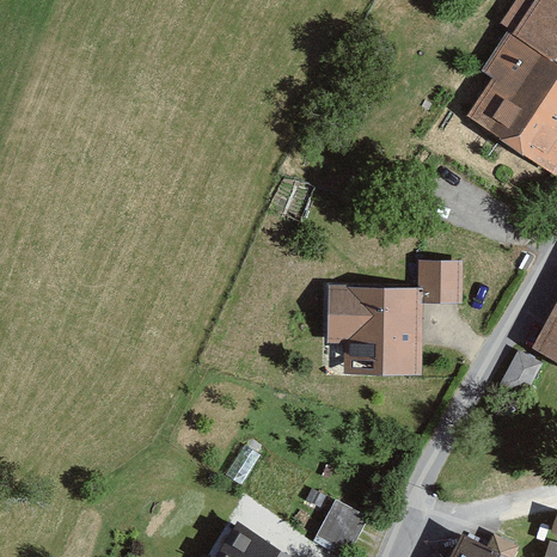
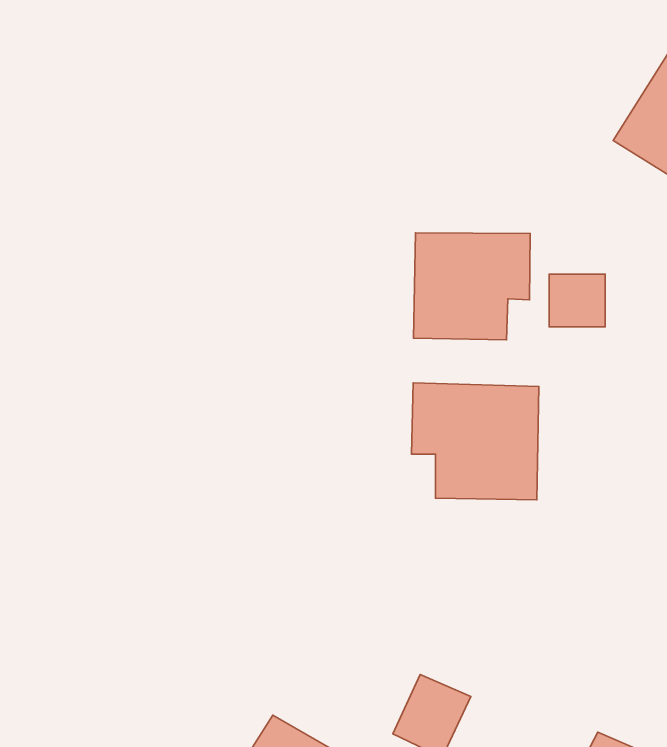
building: none -> [413,233,530,340]
building: [421,263,460,300] -> [549,274,605,327]

